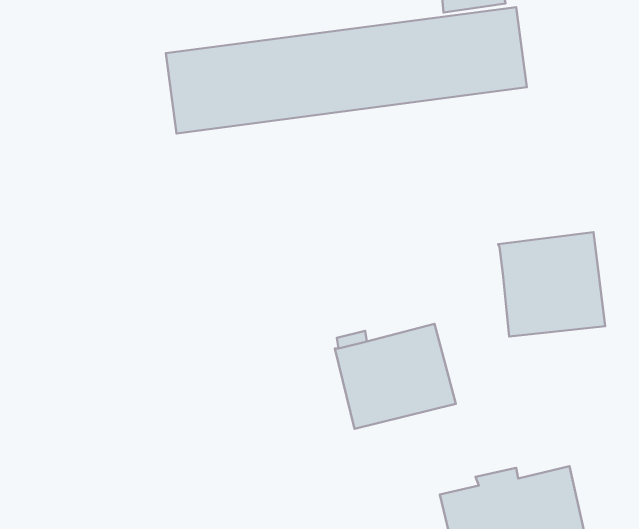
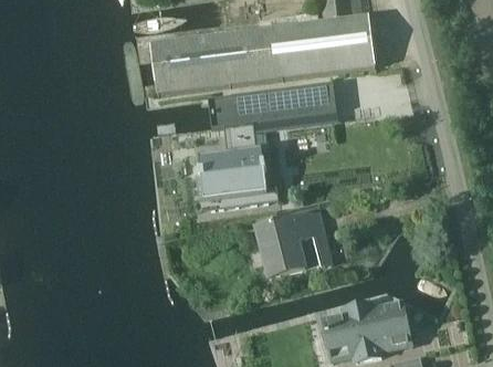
building: none -> [198,81,336,207]
building: [498,232,605,337] -> none

